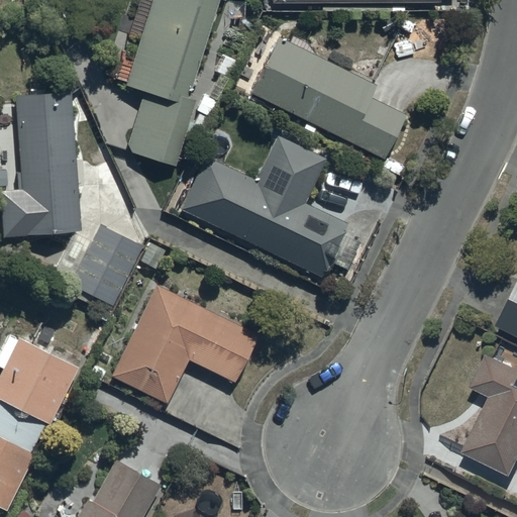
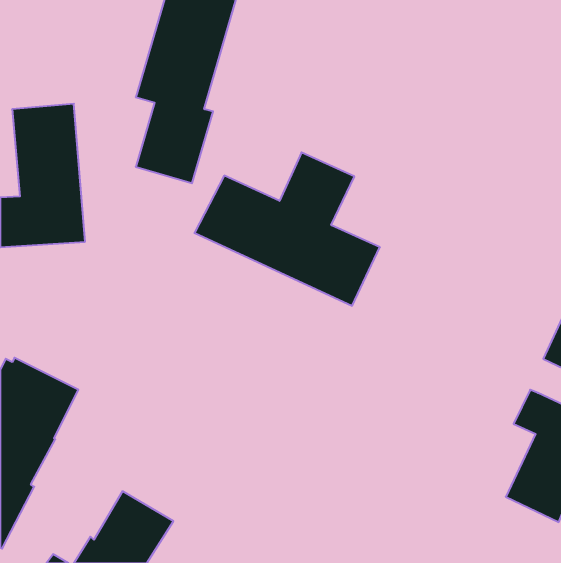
building: [251,42,407,162] -> none
building: [56,217,141,303] -> none
building: [110,276,257,395] -> none

